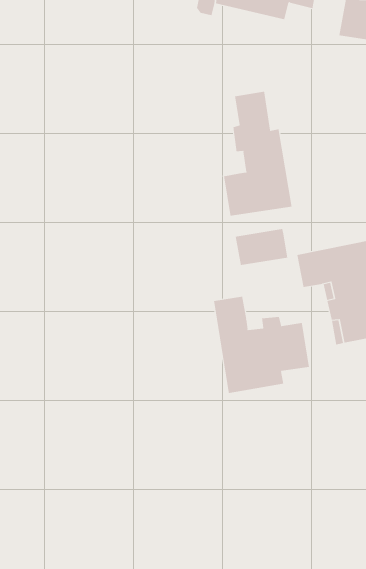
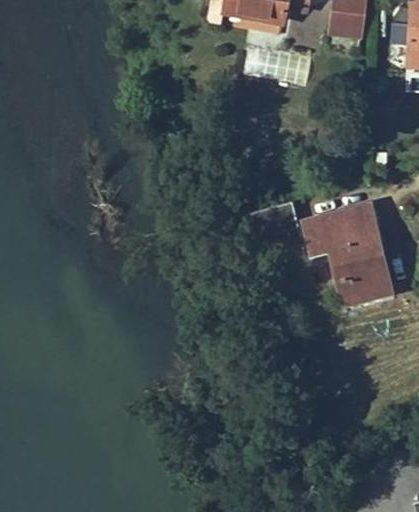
building: [223,91,292,216] -> none
building: [214,296,310,394] -> none

